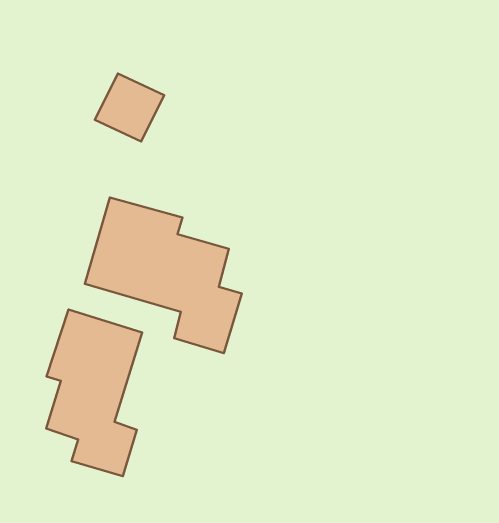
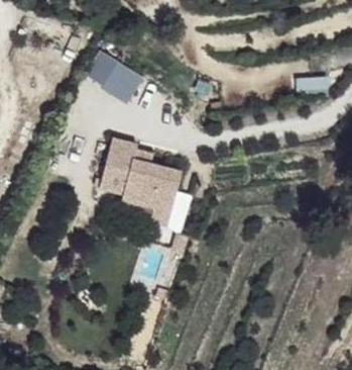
building: [46,310,142,476] -> none

